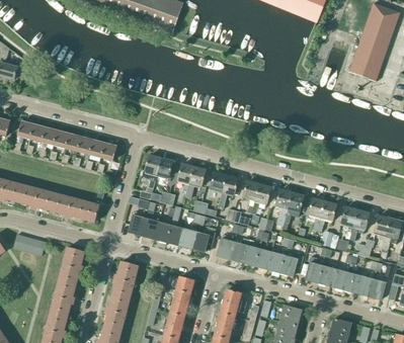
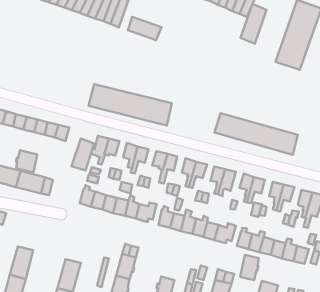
building: none -> [241,4,266,44]
building: none -> [128,17,161,40]
building: none -> [88,84,172,126]
building: none -> [214,113,298,155]
building: none -> [72,138,94,170]
building: none -> [16,150,37,172]
building: [59,247,84,283] -> none
building: [112,261,138,297] -> none
building: none -> [240,255,259,280]
building: [220,289,247,317] -> none

